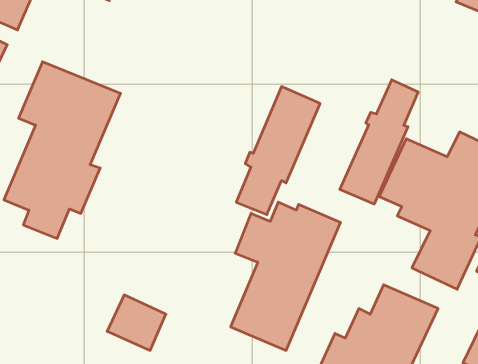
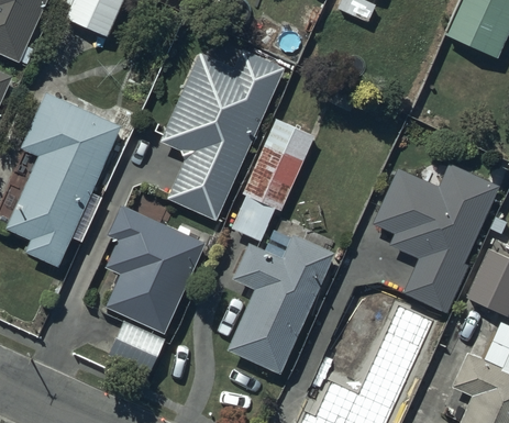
building: none -> [159,46,287,223]
building: [340,80,418,204] -> none
building: none -> [103,203,206,334]

